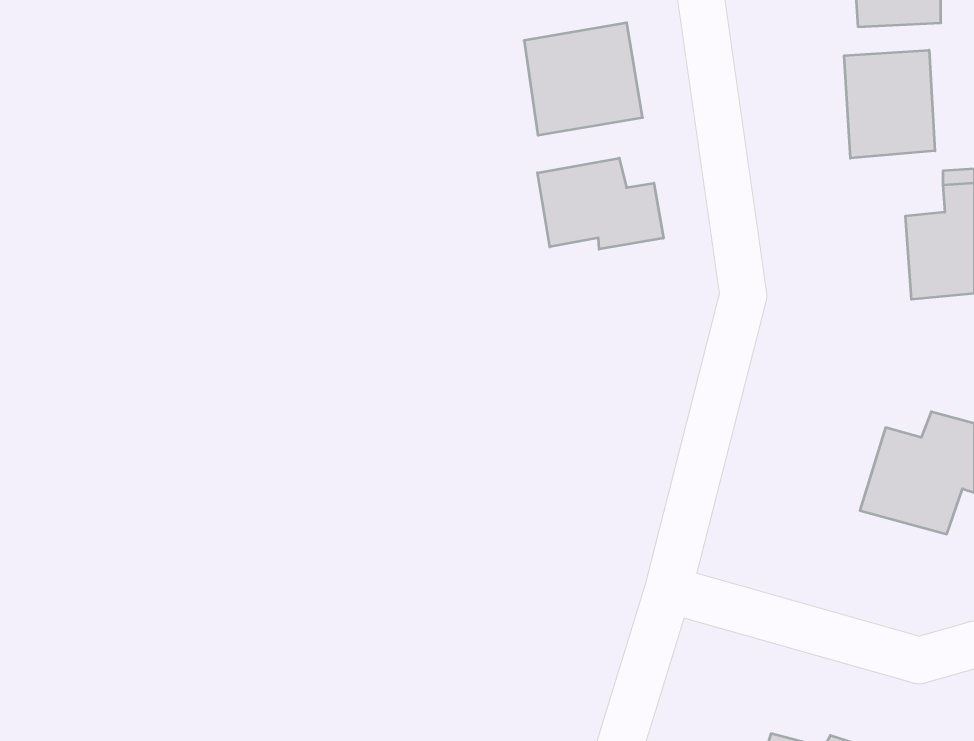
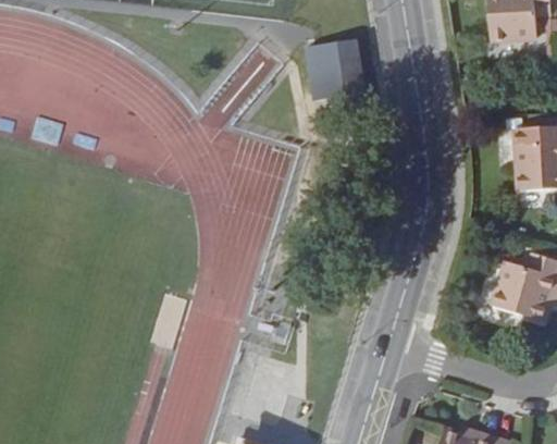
building: [844,50,935,158] -> none
building: [537,158,663,249] -> none

